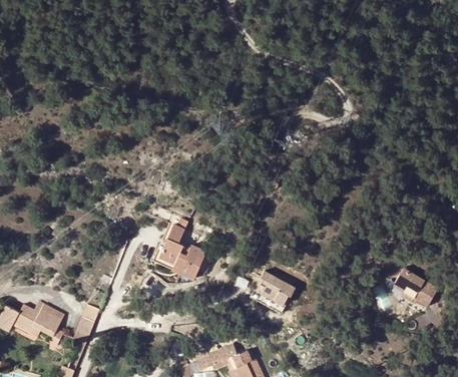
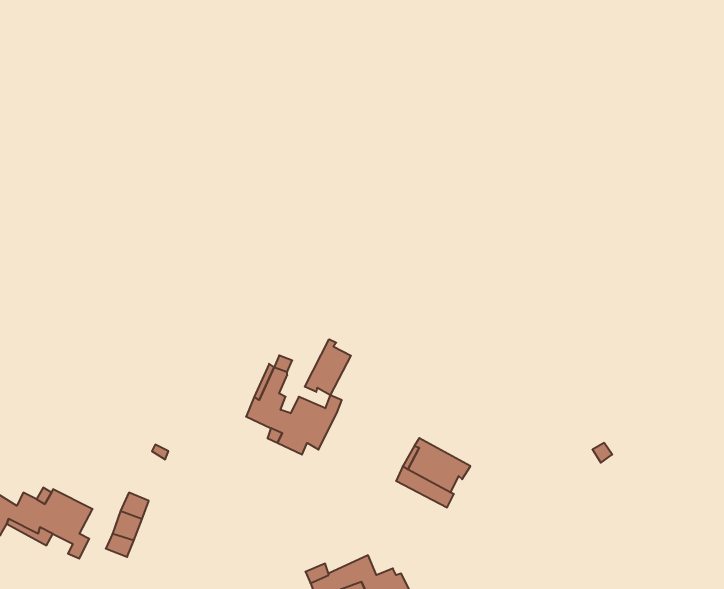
building: none -> [305,339,351,395]
building: [390,267,437,306] -> none

